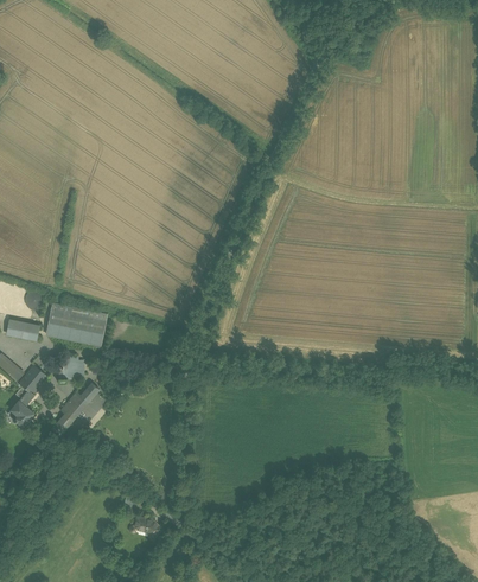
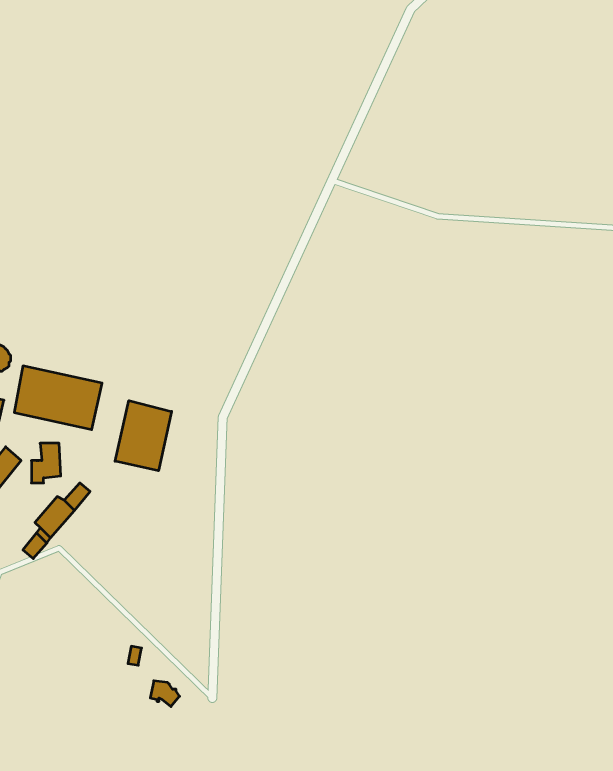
building: none -> [115,401,172,471]

